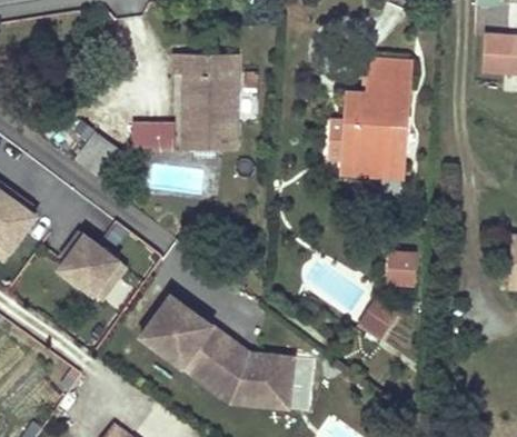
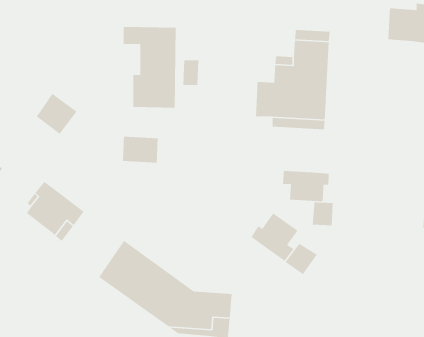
building: [135,122,176,153] -> [122,136,158,163]
building: none -> [282,170,329,202]
building: none -> [250,213,298,262]

